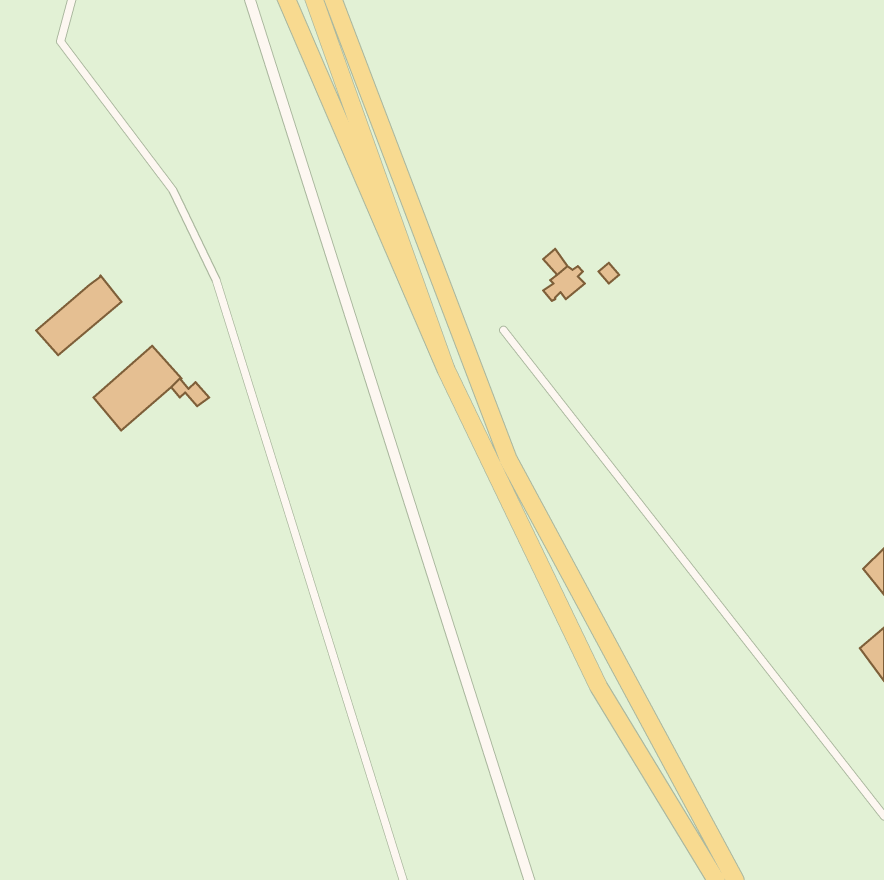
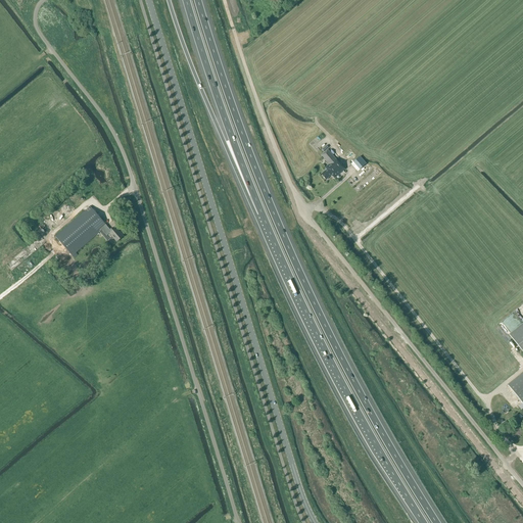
building: [36,275,122,355] -> none

